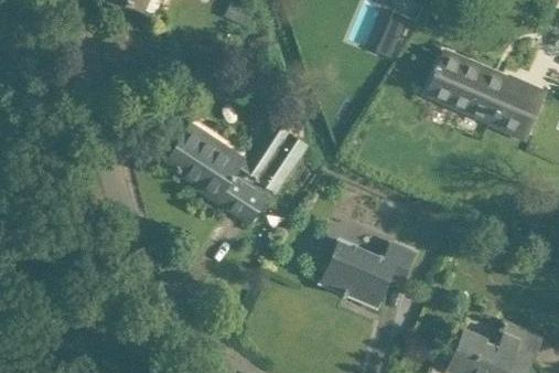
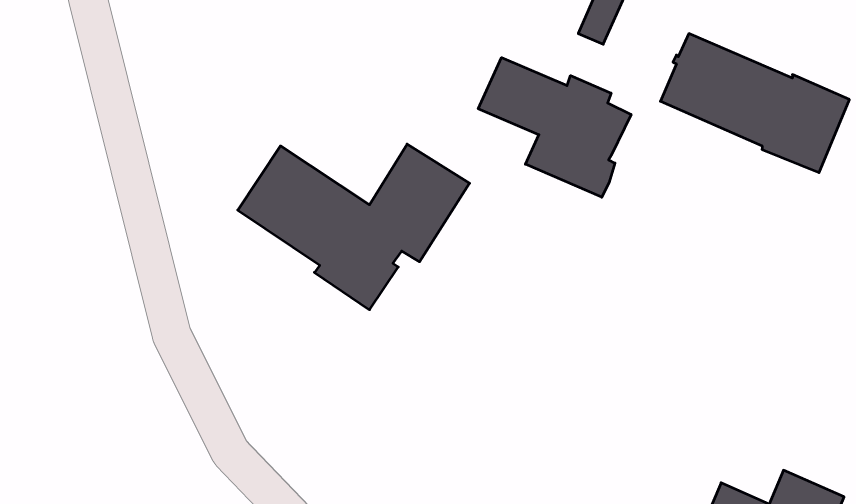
building: none -> [478,58,631,197]
building: [323,242,415,306] -> none

